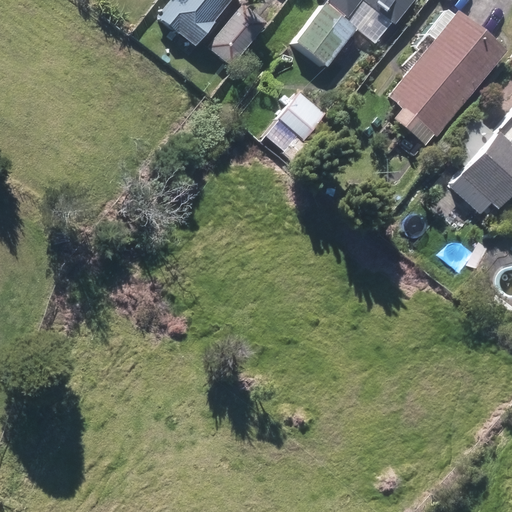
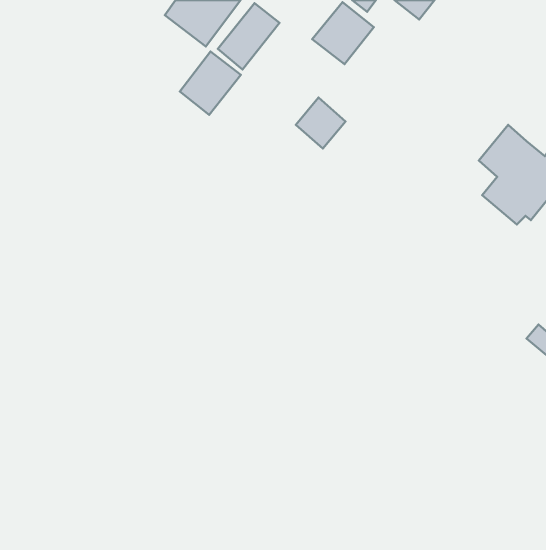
building: [390,13,503,134] -> none
building: none -> [180,52,241,115]

